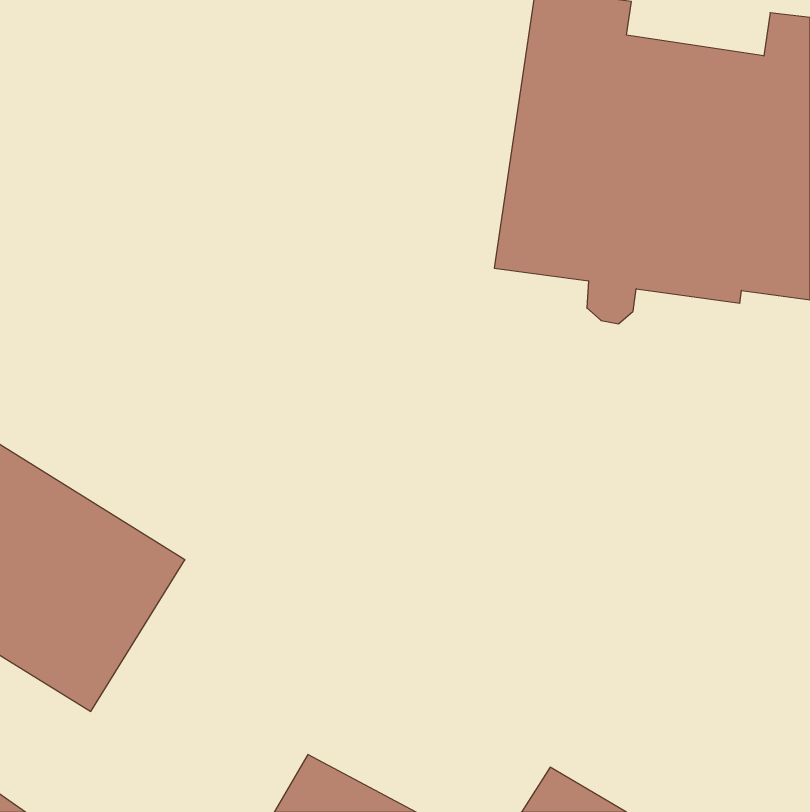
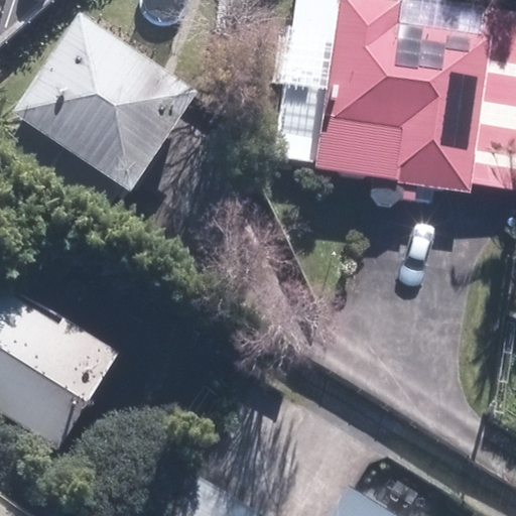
building: none -> [15,14,198,188]

